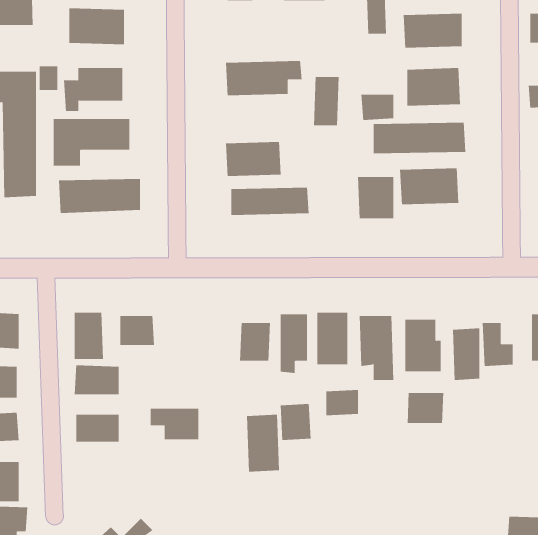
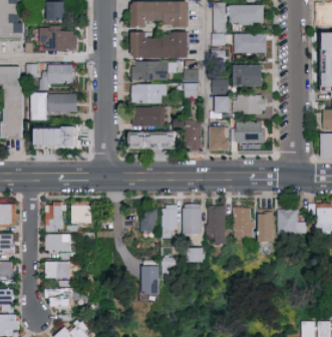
building: none -> [133,31,190,58]
building: none -> [132,83,165,103]
building: none -> [175,120,202,149]
building: [407,392,444,424] -> none
building: [150,408,199,440] -> [47,288,75,306]

